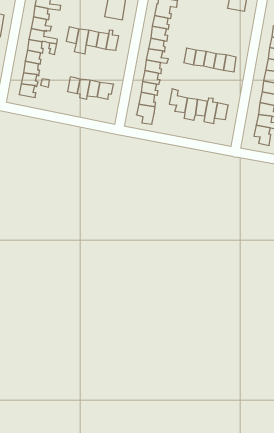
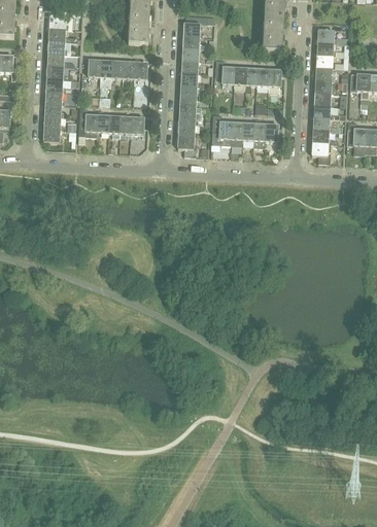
building: none -> [262,15,283,50]
building: none -> [79,106,98,139]

